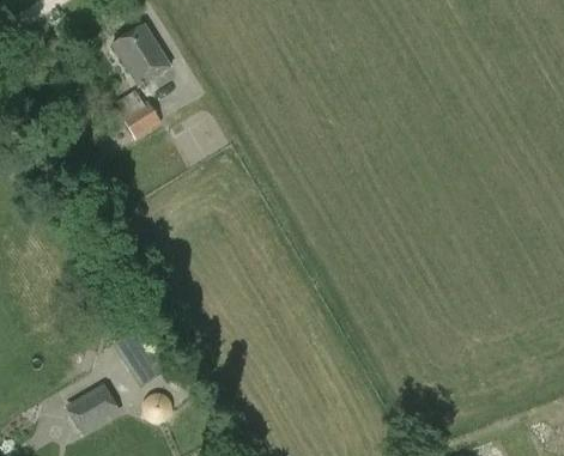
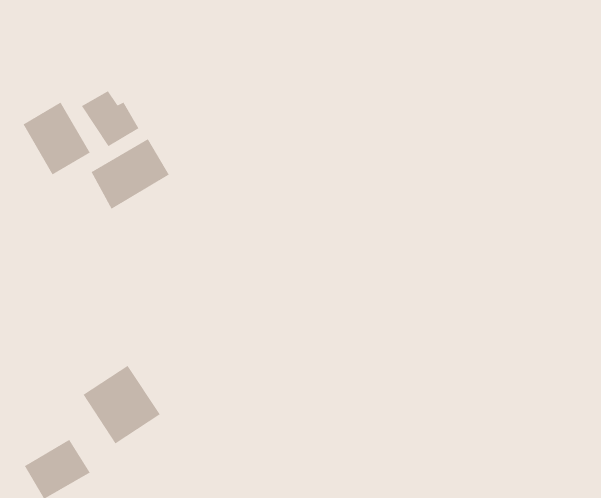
building: [111,24,169,86] -> [22,101,91,175]
building: none -> [91,138,170,210]

